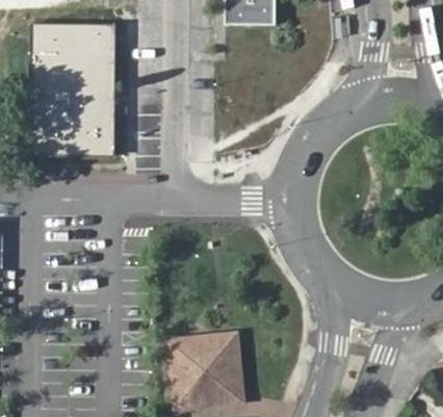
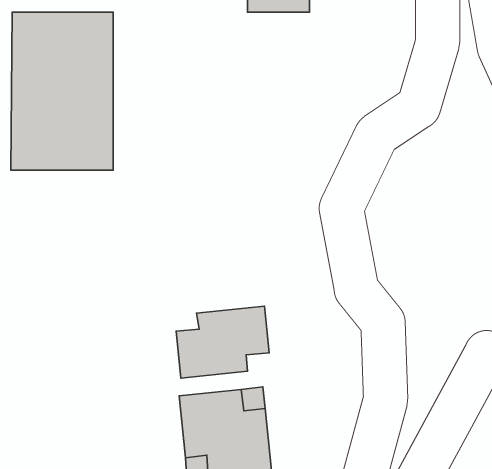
building: none -> [176,306,269,378]

